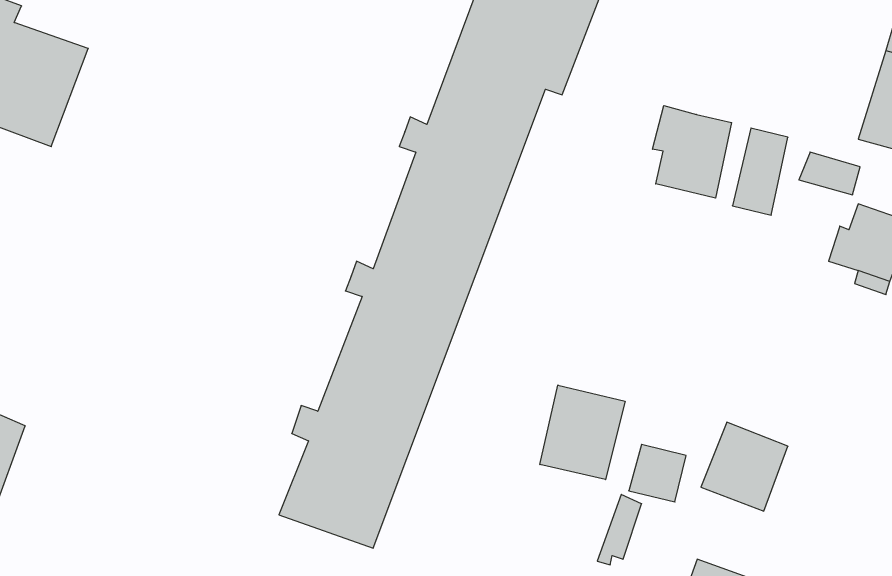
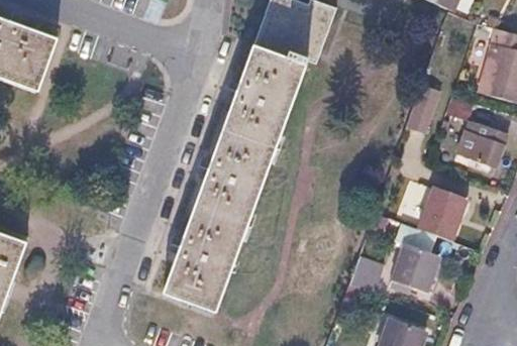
building: [653,106,732,198] -> none
building: none -> [418,186,468,241]
building: [540,385,625,480] -> none

